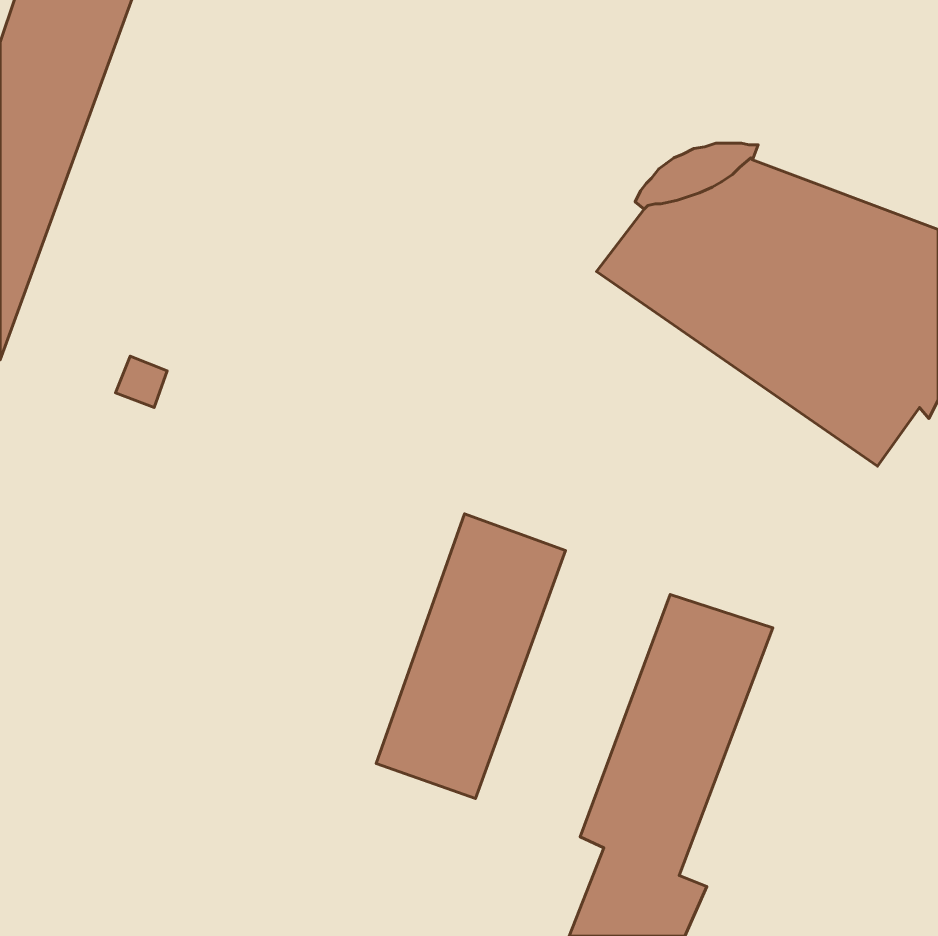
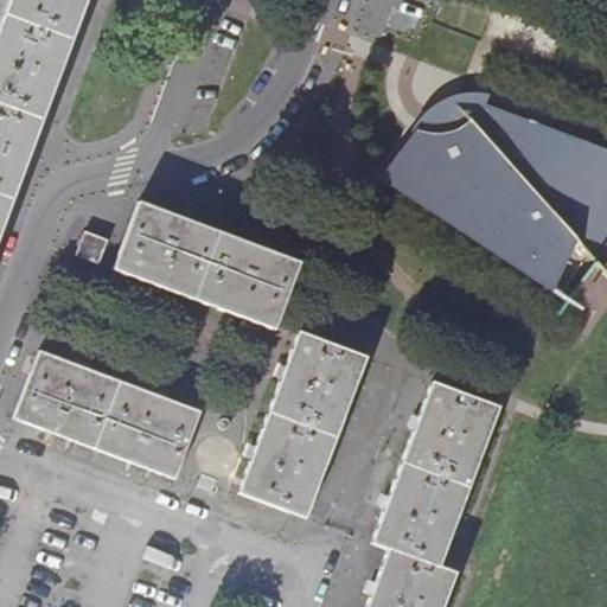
building: none -> [116,203,300,326]
building: none -> [17,352,202,479]

